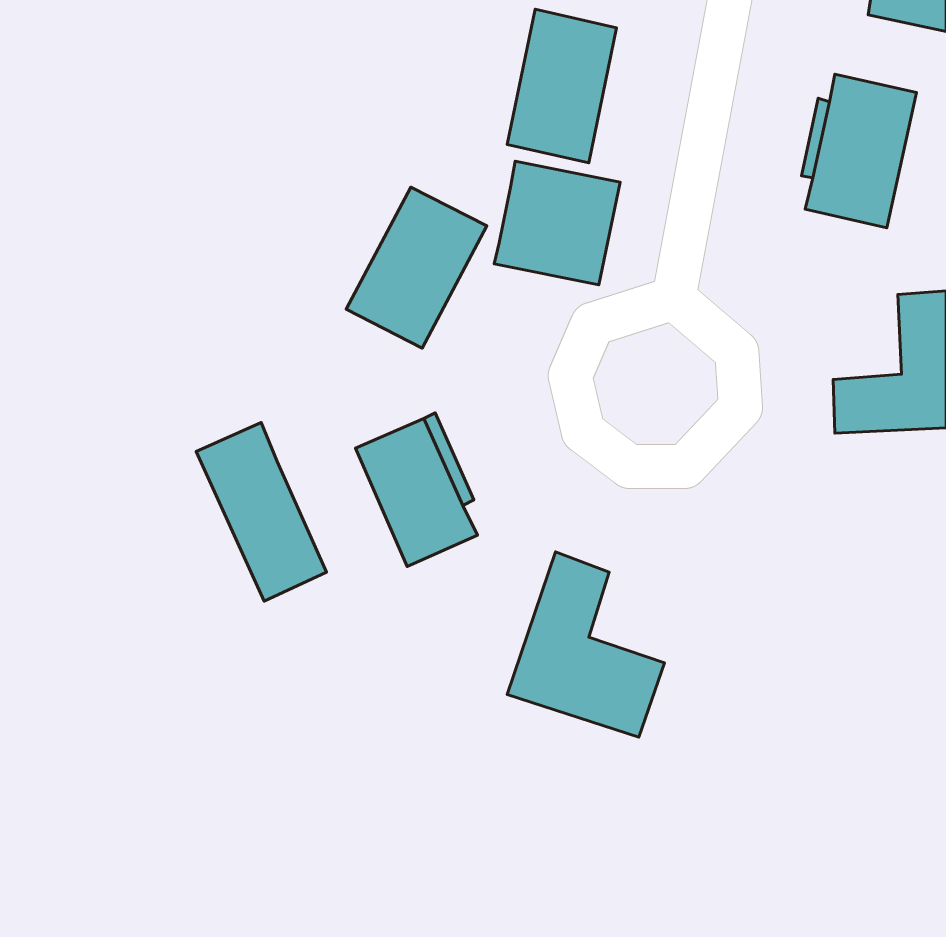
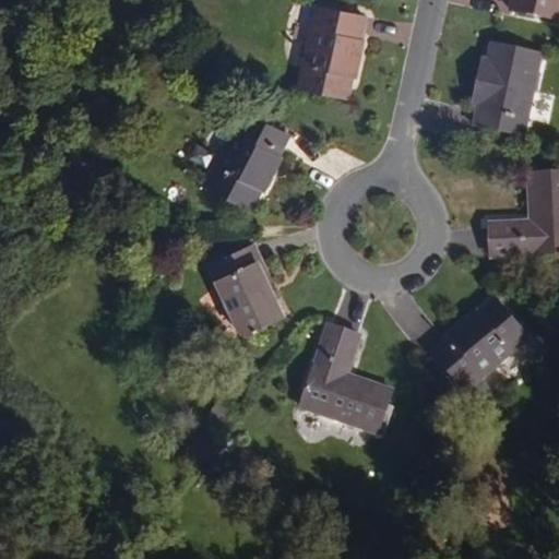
building: [494,161,620,285] -> none
building: [196,422,327,601] -> none
building: none -> [435,299,530,391]

